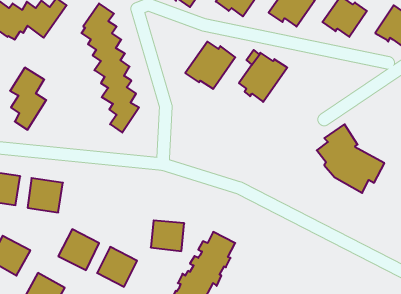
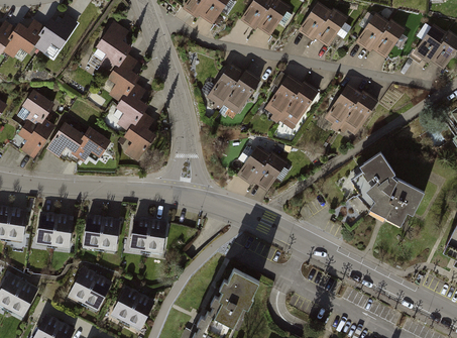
building: none -> [324,85,377,134]
building: none -> [46,123,111,164]
building: none -> [240,146,295,198]
building: none -> [83,215,120,251]
building: [151,220,184,251] -> [130,218,166,251]

